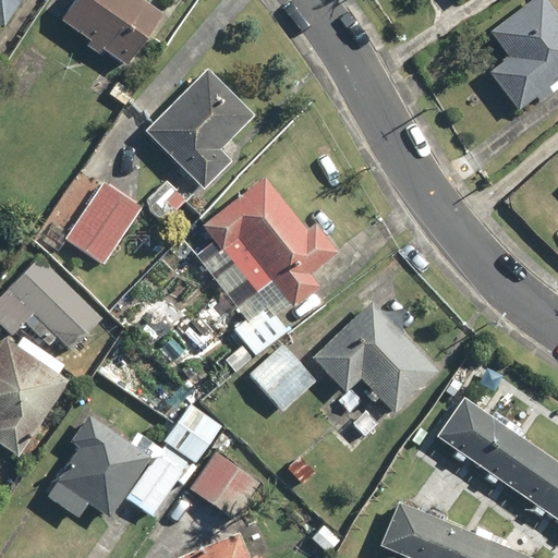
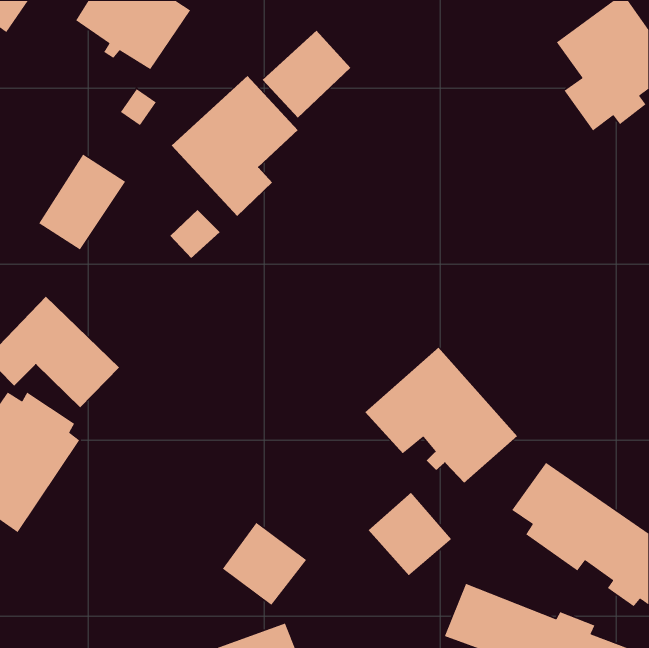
building: none -> [262,30,351,119]
building: [183,175,338,373] -> none
building: [65,182,141,265] -> [38,153,126,250]
building: [246,343,318,415] -> [368,492,452,576]
building: [46,403,220,521] -> none

